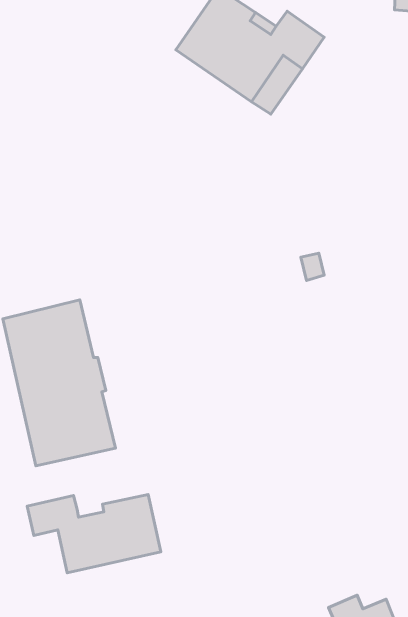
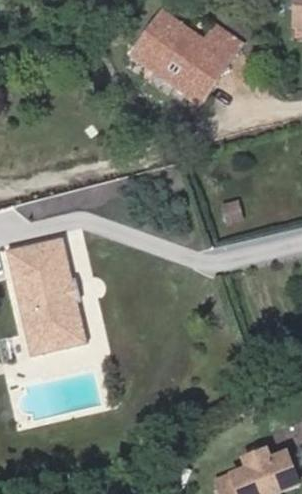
building: [27,495,161,573] -> none

